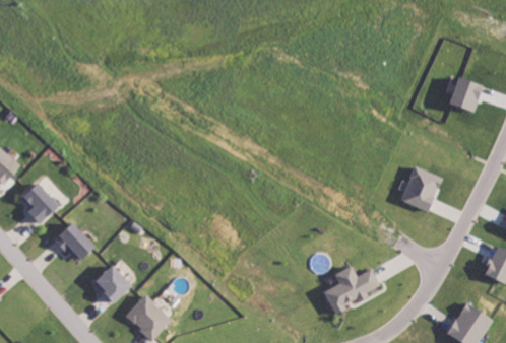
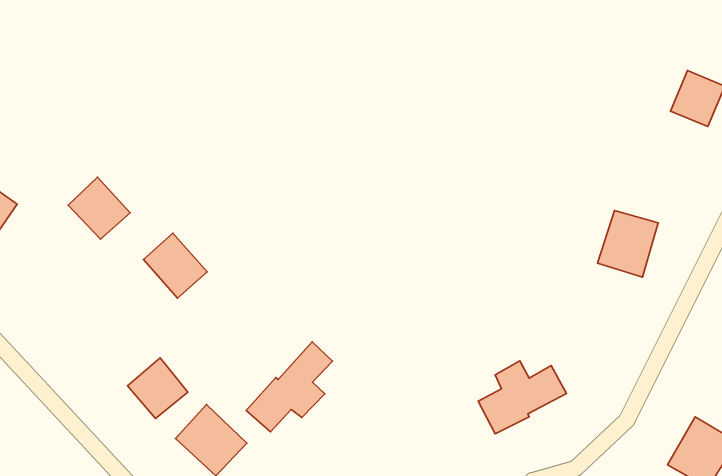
building: [17,182,58,222] -> [68,177,130,239]
building: [53,221,94,264] -> [143,233,207,298]
building: none -> [246,342,333,432]

